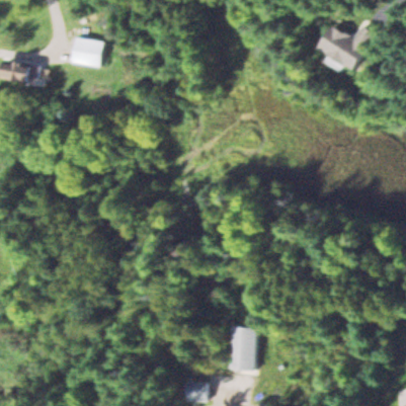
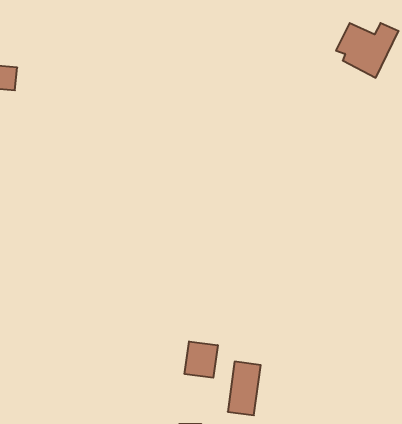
building: [71,36,106,68] -> none
building: none -> [185,341,218,378]

